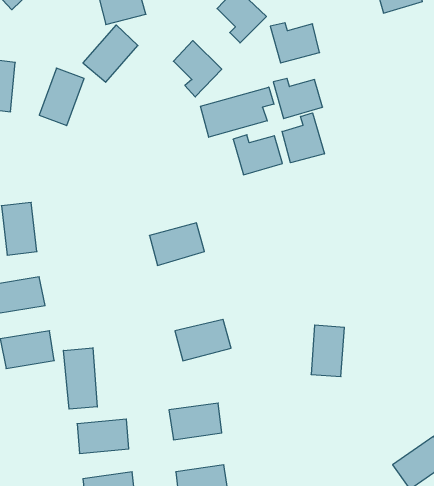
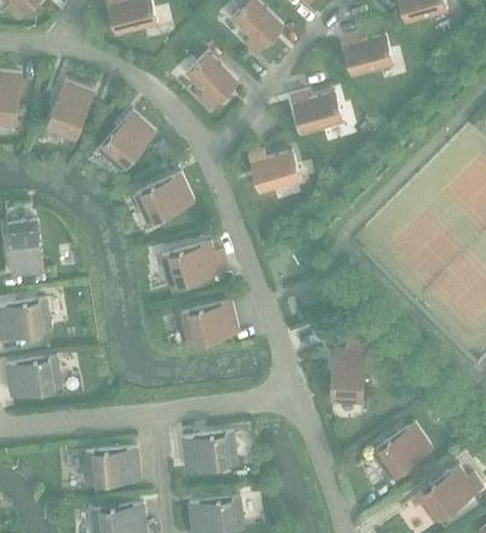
building: [270,23,320,63] -> [341,35,392,77]
building: [83,25,138,82] -> [97,112,155,172]
building: [201,87,274,137] -> none
building: [282,113,324,163] -> none
building: none -> [133,174,193,224]
building: [175,319,231,361] -> [180,303,239,346]
building: [63,348,97,409] -> none
building: none -> [371,424,432,479]

